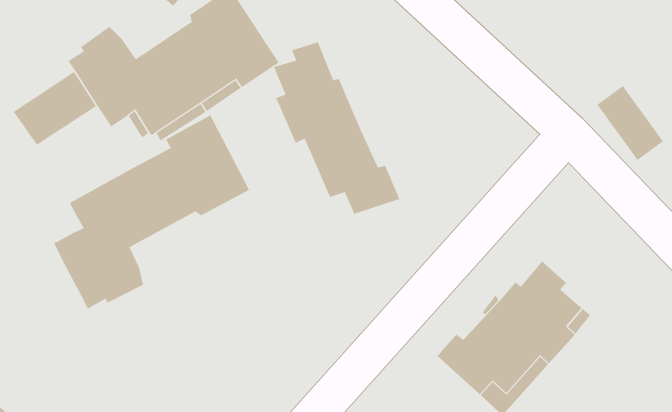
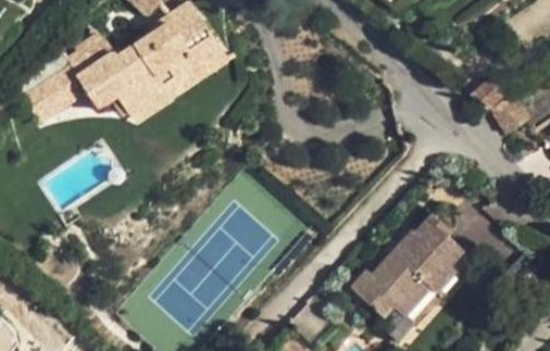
building: [273,41,400,215] -> none
building: [54,115,250,310] -> none

